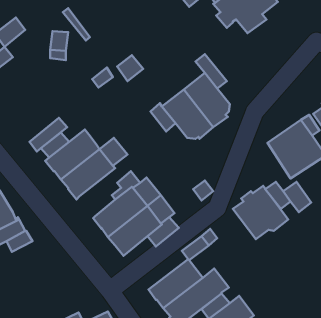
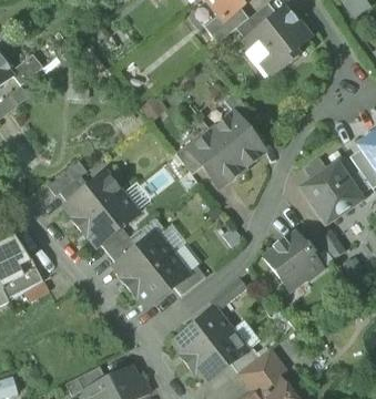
building: none -> [100,226,144,264]

